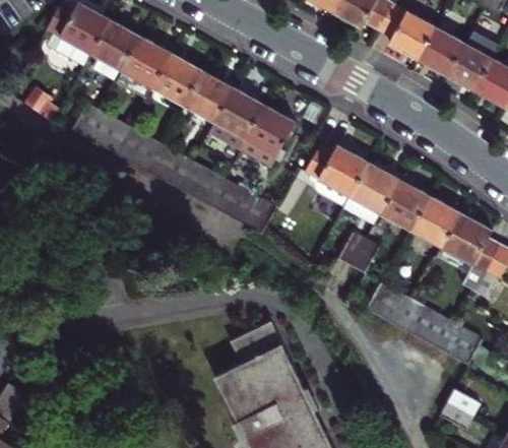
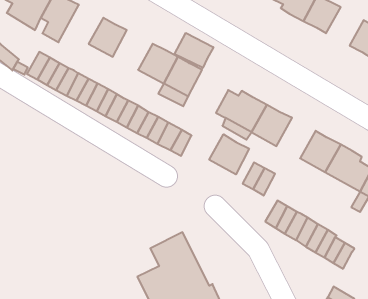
building: [113,40,169,103] -> none
building: [448,43,495,90] -> none
building: [181,71,231,121] -> none
building: none -> [175,33,213,68]
building: [386,181,435,232] -> none
building: none -> [209,134,249,174]

